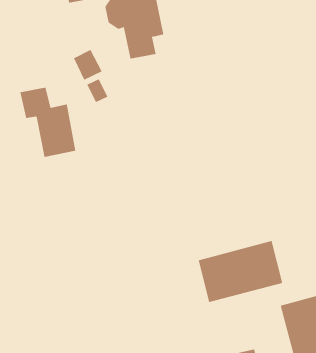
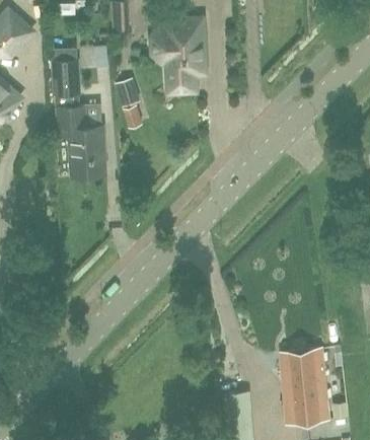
building: none -> [50,57,80,107]
building: [198,240,283,303] -> none

